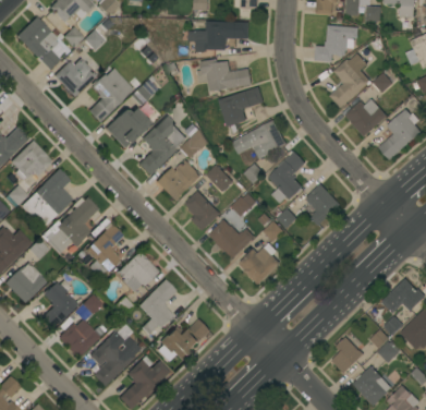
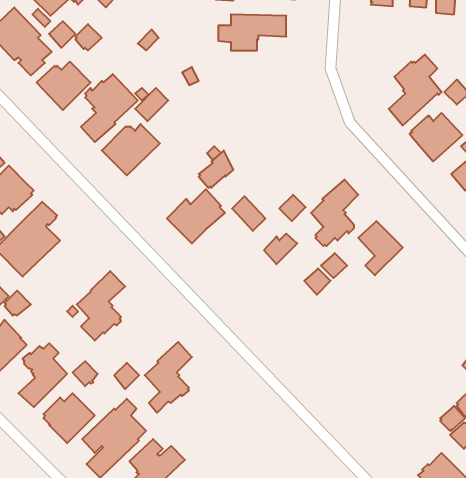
building: [315,25,360,62] -> none
building: [197,59,252,92] -> none
building: [219,87,265,128] -> none
building: [138,117,186,176] -> none
building: [232,120,288,159] -> none
building: [185,191,221,231] -> none
building: [45,197,98,254] -> none
building: [209,220,255,258] -> none
building: [240,243,280,287] -> none
building: [117,252,158,292] -> none
building: [160,318,210,361] -> none
building: [331,337,364,374] -> none

